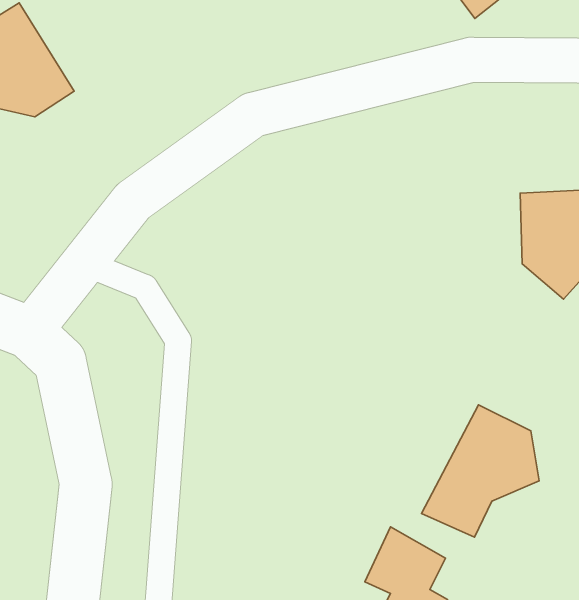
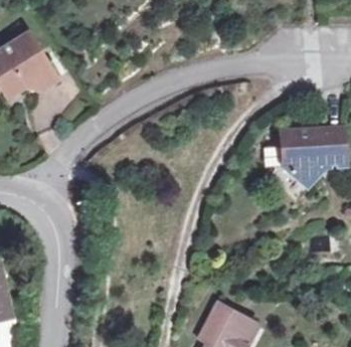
building: [421,405,539,537] -> none

